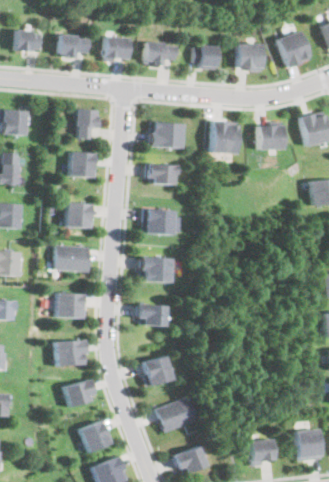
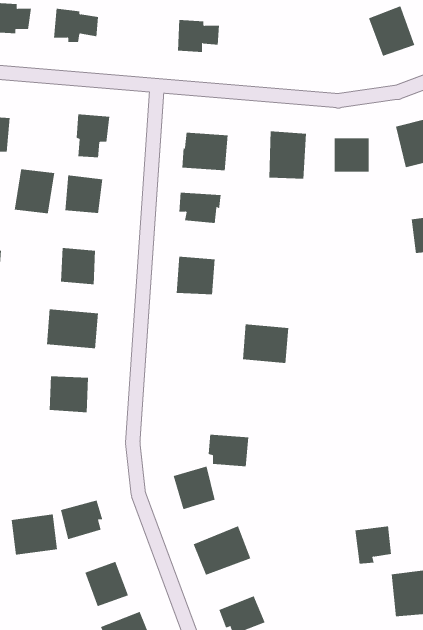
building: [106,36,131,62] -> none
building: [193,45,217,69] -> none
building: [238,45,263,70] -> none
building: none -> [14,168,55,214]
building: [139,255,172,283] -> [242,324,289,364]
building: [138,303,167,326] -> [208,434,249,467]
building: [54,338,87,367] -> [11,514,58,555]
building: [250,439,276,466] -> [355,526,392,564]

